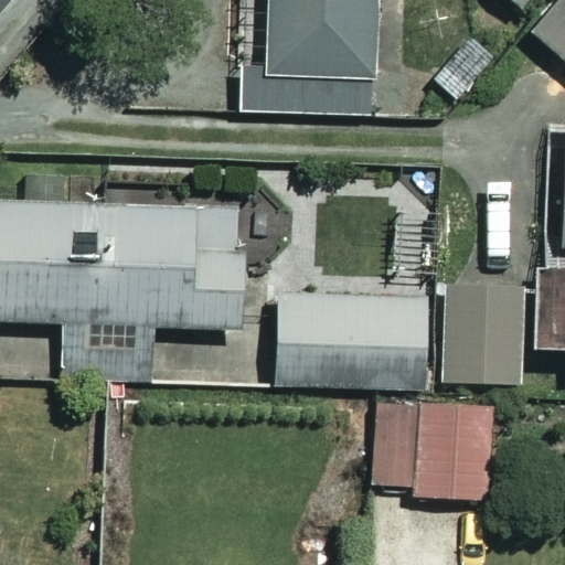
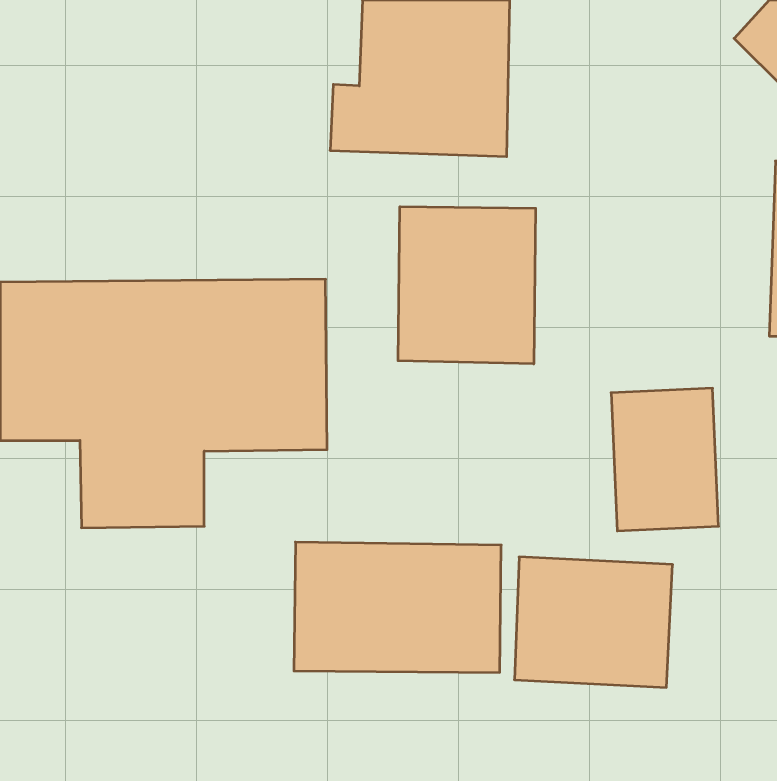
building: none -> [398,207,536,364]
building: [276,292,425,386] -> [294,542,501,672]

